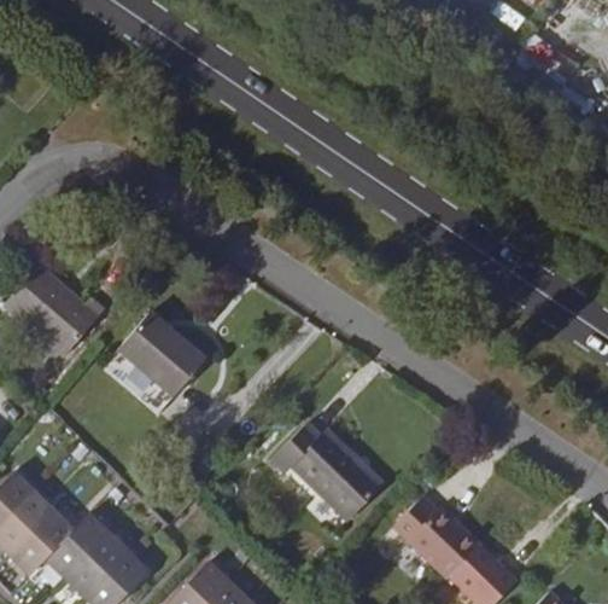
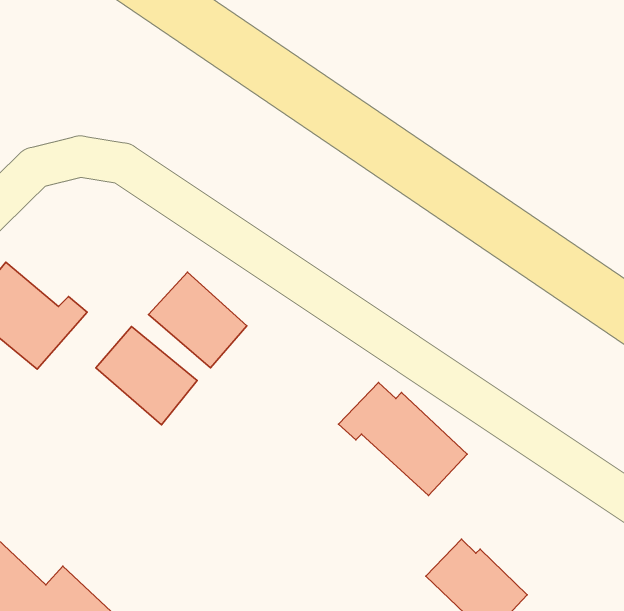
building: none -> [148,272,247,368]
building: [273,420,381,516] -> [339,383,467,495]

